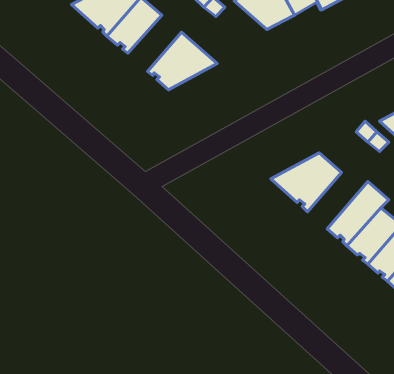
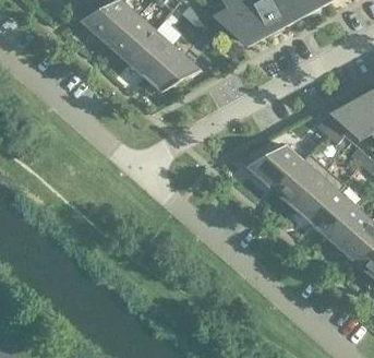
building: none -> [126,29,171,76]
building: none -> [276,154,326,207]

